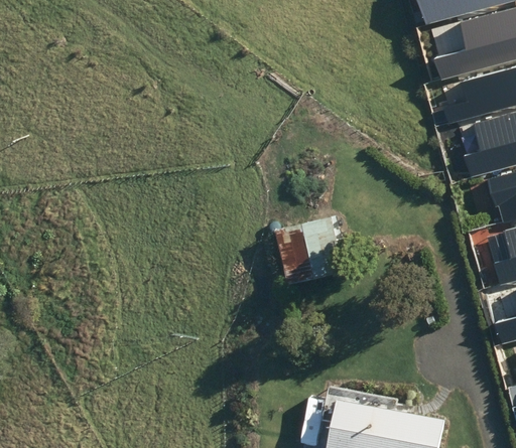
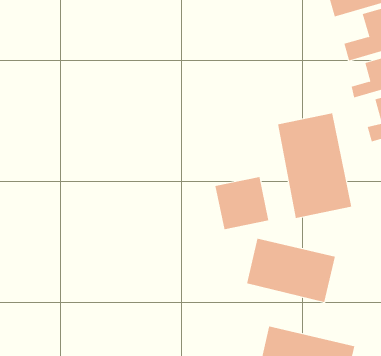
building: none -> [277,113,352,219]
building: none -> [246,238,336,303]

